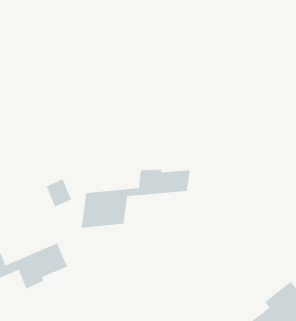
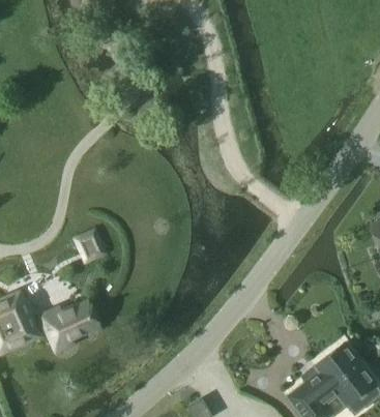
building: [81,169,191,228] -> none

